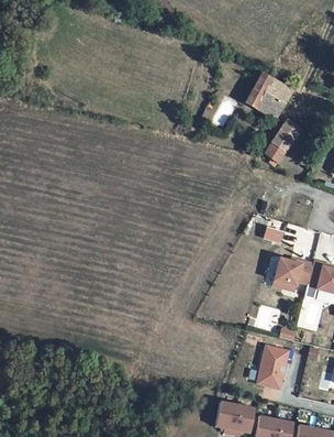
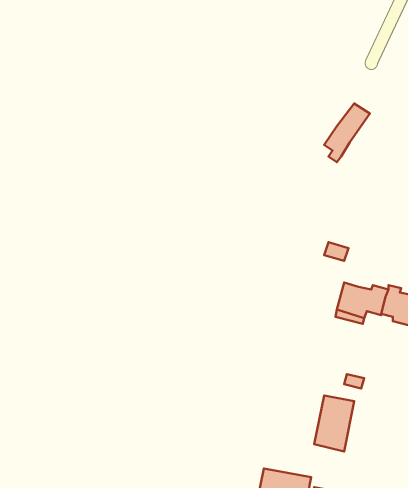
building: [246,70,292,117] -> none

